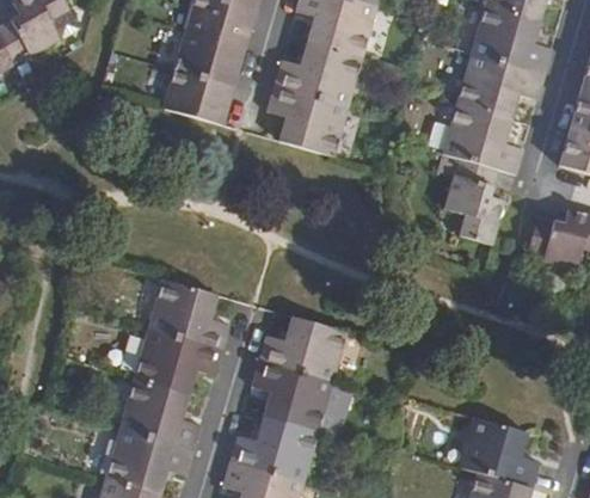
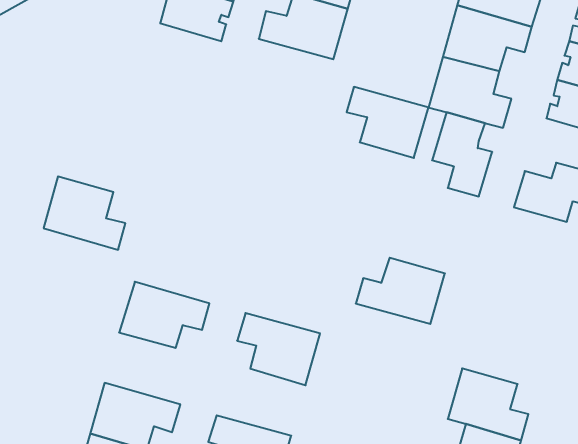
building: [164,72,234,127] -> none
building: [264,87,345,158] -> [347,87,428,158]
building: [148,277,229,350] -> [44,176,125,250]
building: [258,314,346,380] -> [356,258,445,324]
building: [118,379,201,450] -> none
building: [229,414,318,481] -> none

